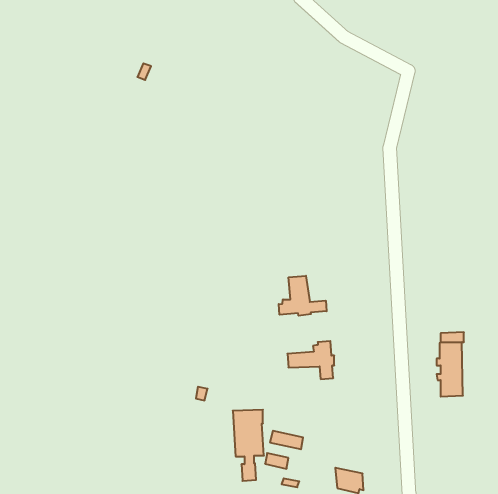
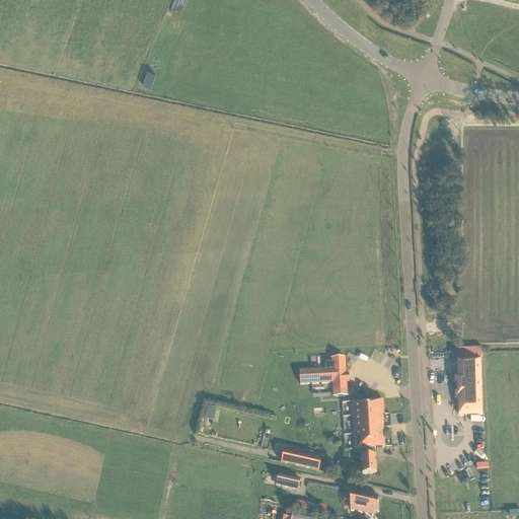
building: [279,276,327,316] -> none
building: [233,410,264,481] -> [352,397,384,471]

